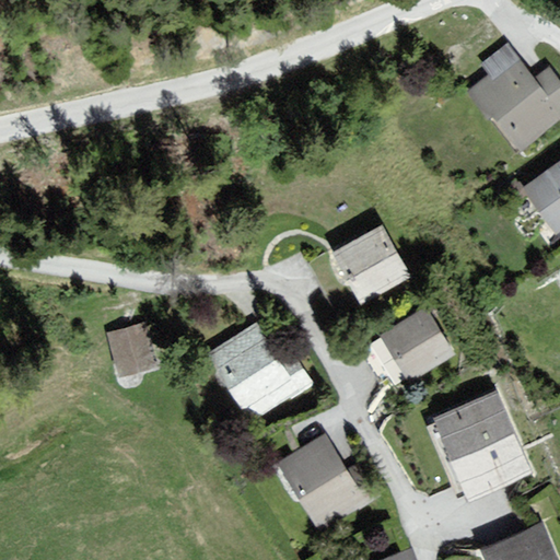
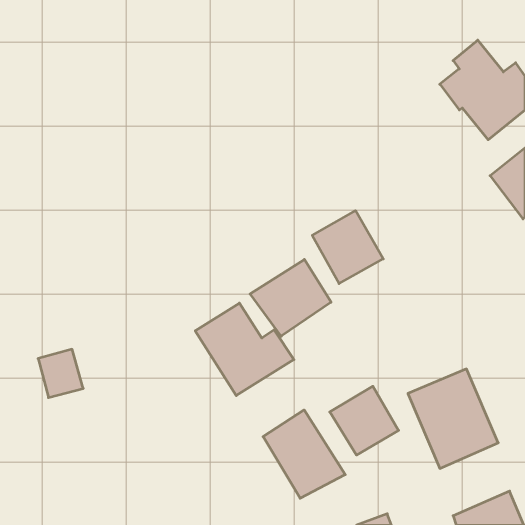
building: none -> [250,259,331,336]
building: [380,307,453,381] -> [330,386,399,455]
building: [108,323,156,374] -> [38,349,83,398]

